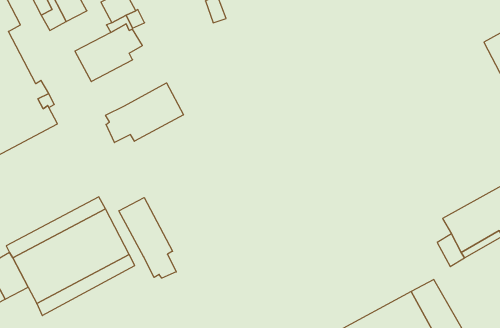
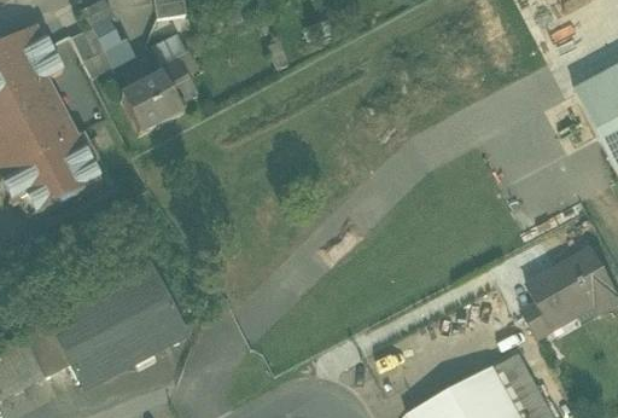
building: [106,83,183,143] -> none
building: [119,198,176,278] -> none

